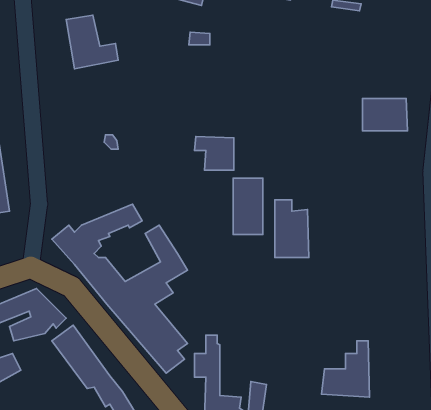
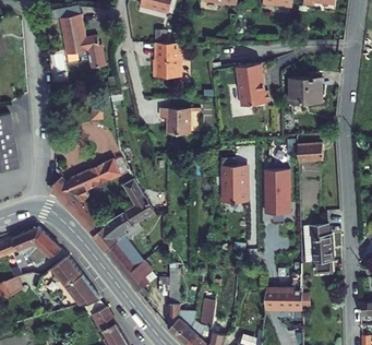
building: none -> [155,44,182,78]
building: none -> [232,62,265,105]
building: [233,178,263,235] -> [267,169,290,213]
building: none -> [298,143,326,162]
building: none -> [309,225,335,273]

